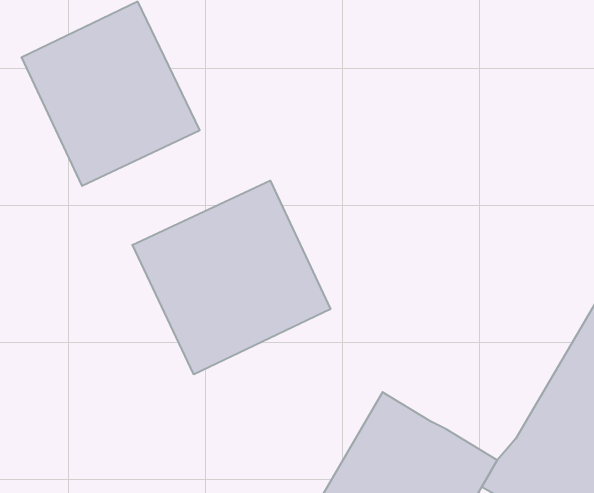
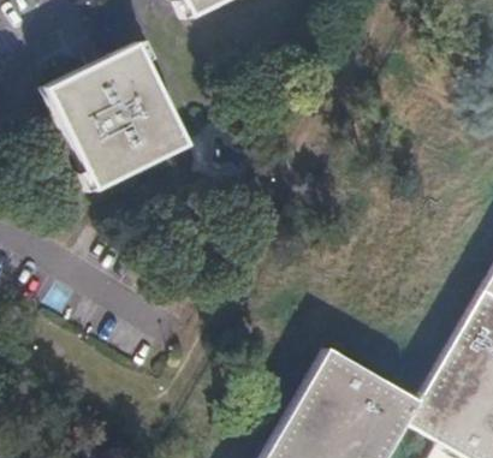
building: [132,181,330,374] -> none

